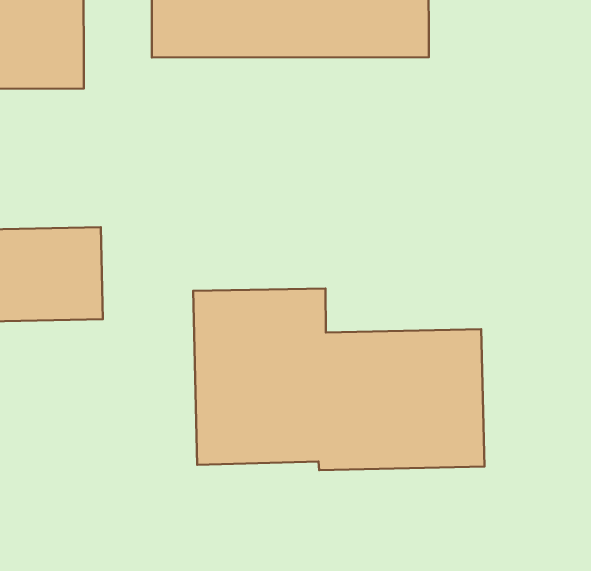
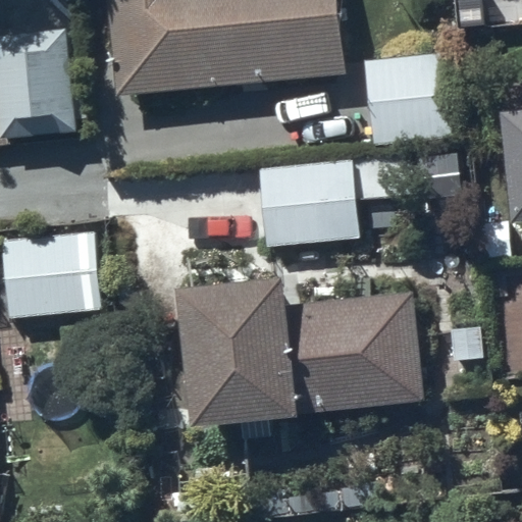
building: none -> [358,45,451,139]
building: none -> [252,152,411,241]

